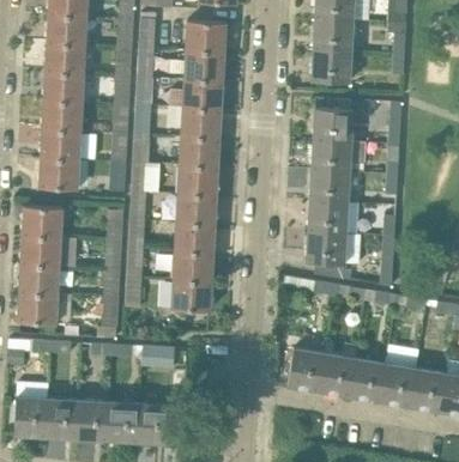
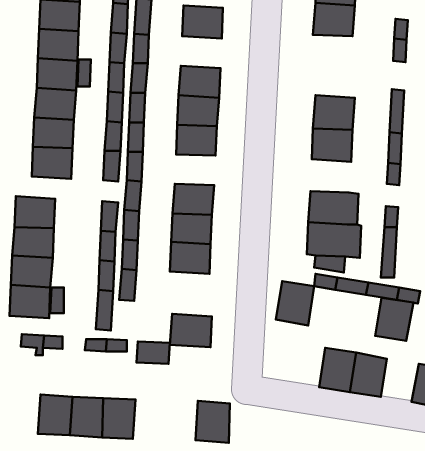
building: [312,49,351,83] -> none
building: [185,50,224,81] -> none
building: [179,165,218,195] -> none
building: [310,170,350,202] -> none
building: [171,279,212,311] -> [170,314,212,347]
building: [288,348,325,391] -> [276,281,314,326]
building: [379,364,416,406] -> [375,298,413,341]
building: [14,383,49,437] -> none
building: [138,403,171,444] -> [195,401,230,443]

